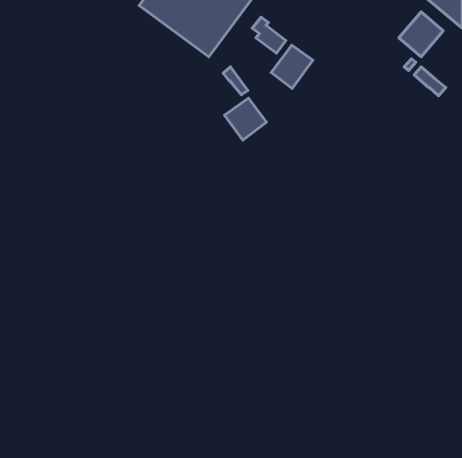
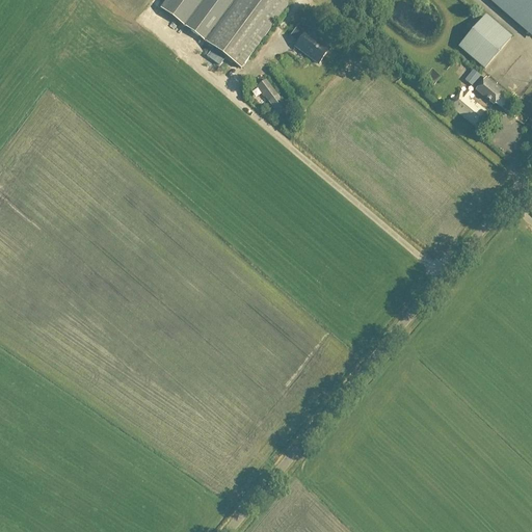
building: [271,45,313,88] -> none
building: none -> [448,87,485,125]
building: [224,98,267,140] -> none

